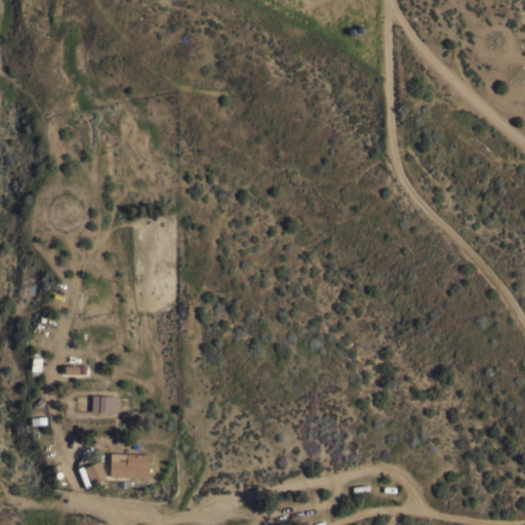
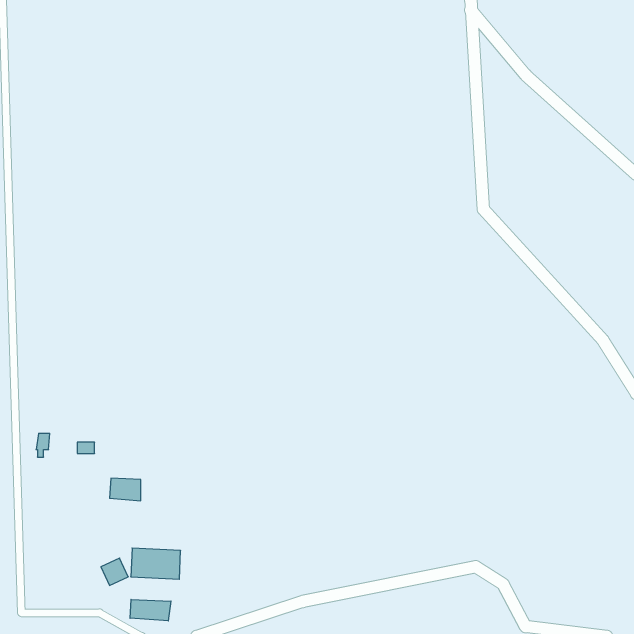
building: none -> [130,599,171,621]

